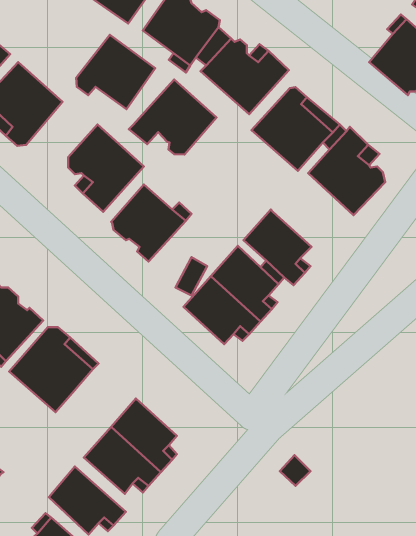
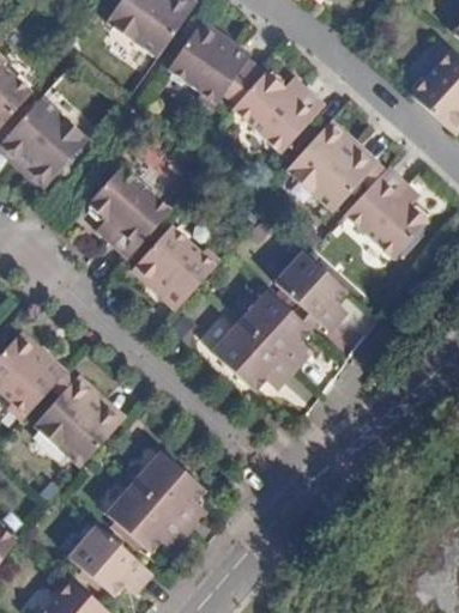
building: [76,35,155,109] -> none
building: [129,80,216,155] -> none

